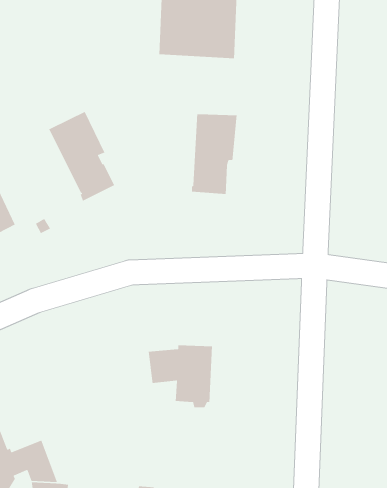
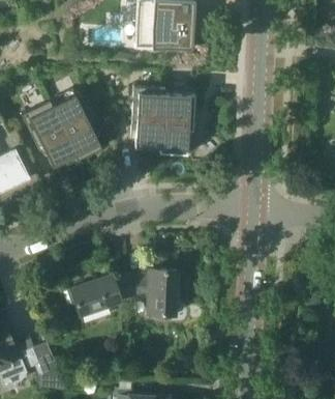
building: none -> [131,86,165,148]
building: none -> [22,99,77,167]
building: none -> [67,275,130,315]

